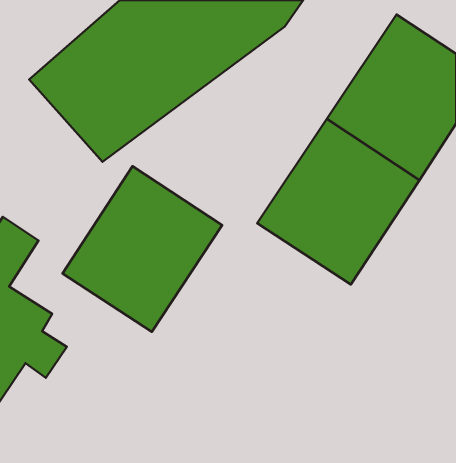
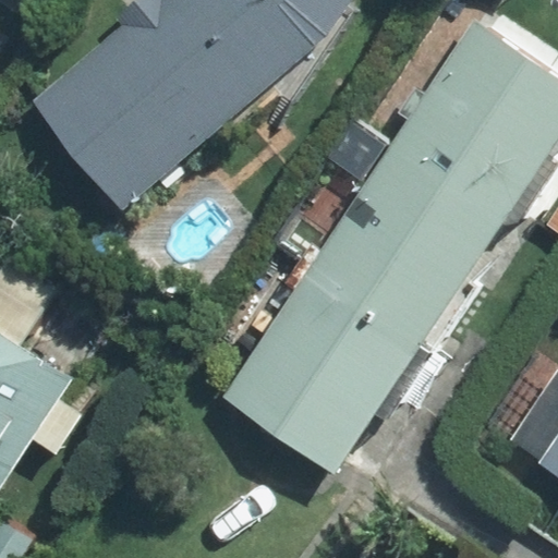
building: [63,166,222,332] -> none
building: none -> [225,271,417,469]

